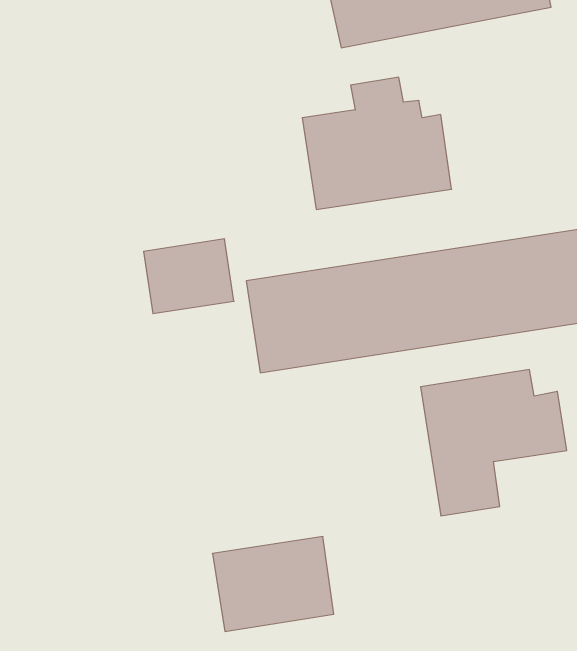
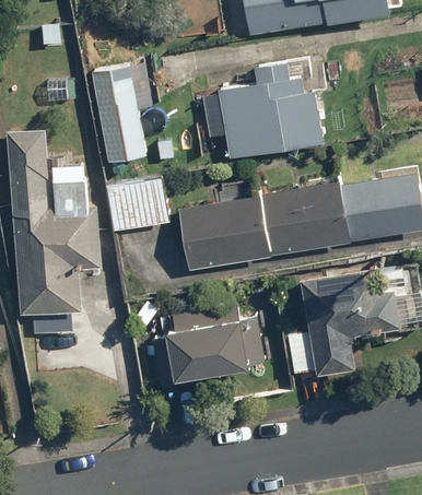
building: none -> [92,64,141,161]
building: none -> [8,128,102,308]
building: [212,537,334,631] -> [167,310,253,377]

